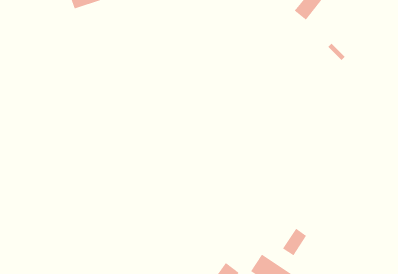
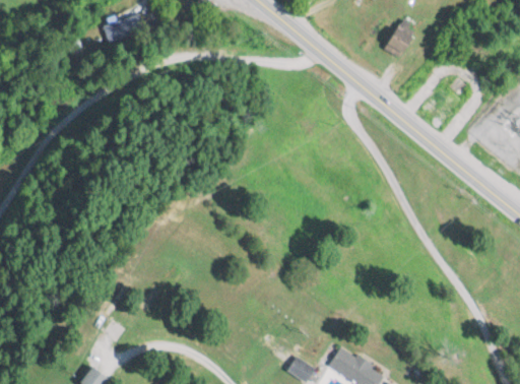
building: [282,228,307,256] -> none

